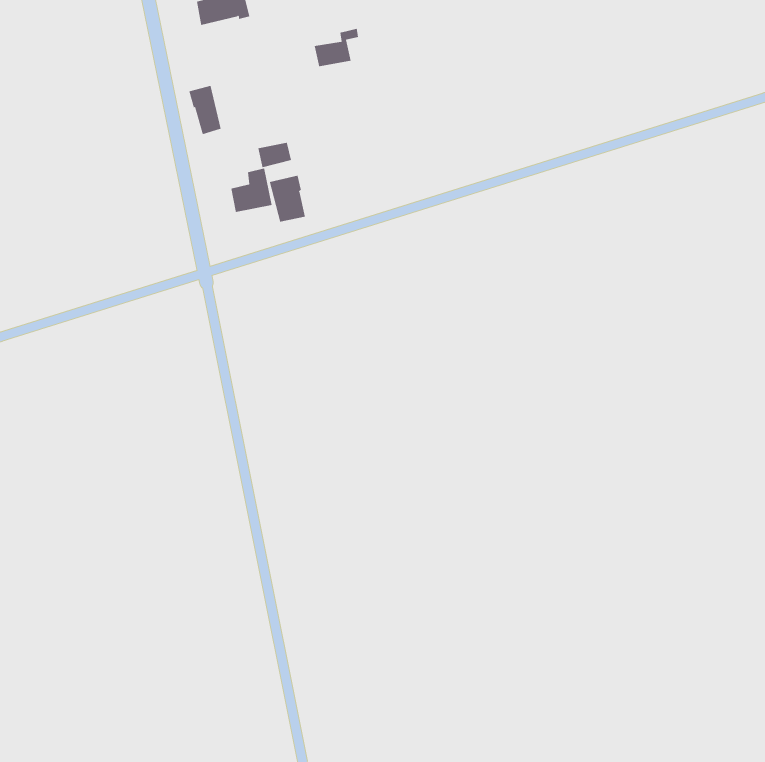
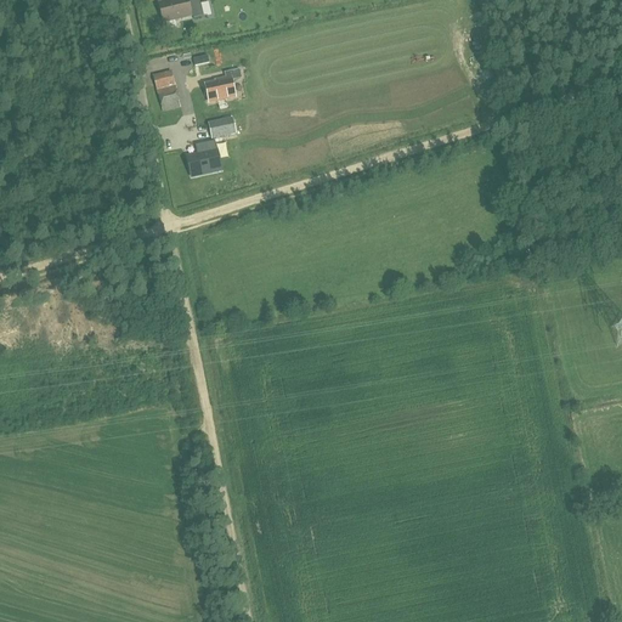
building: [314,28,359,67] -> [204,68,241,100]
building: [269,175,305,222] -> none

